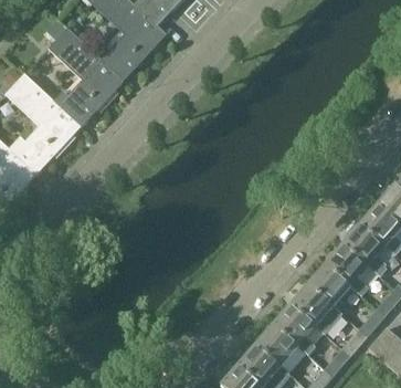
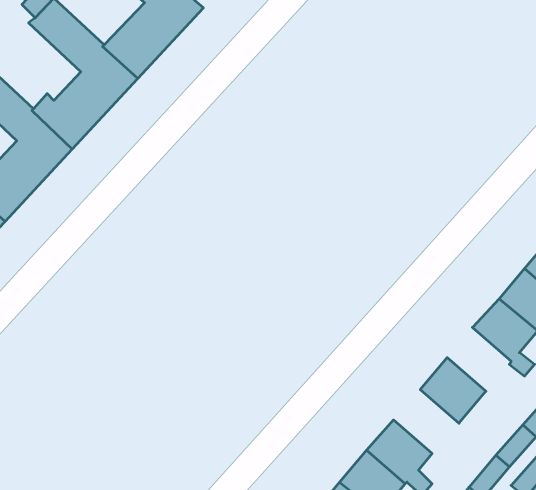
building: [326,244,369,295] -> none
building: [291,285,334,336] -> none

